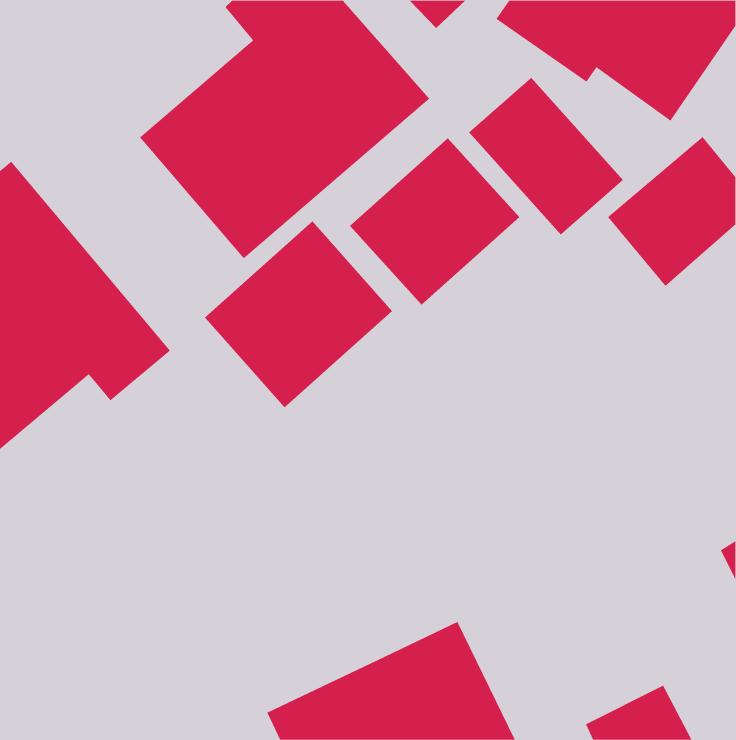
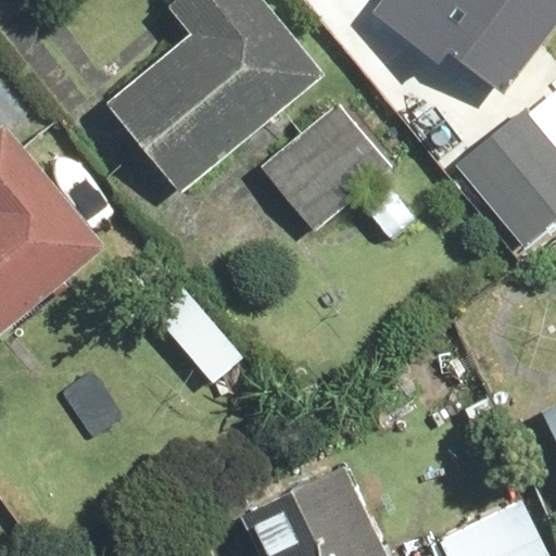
building: [468,77,624,235] -> none
building: [204,220,393,408] -> none

